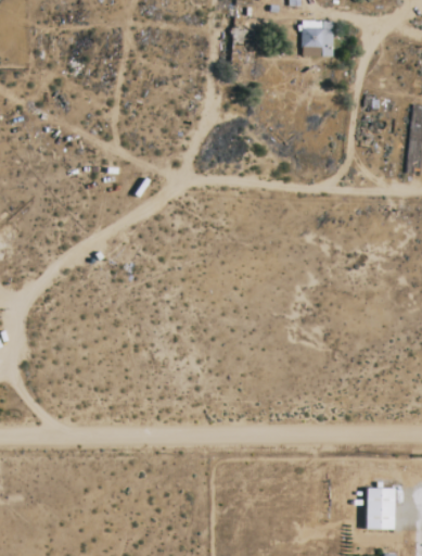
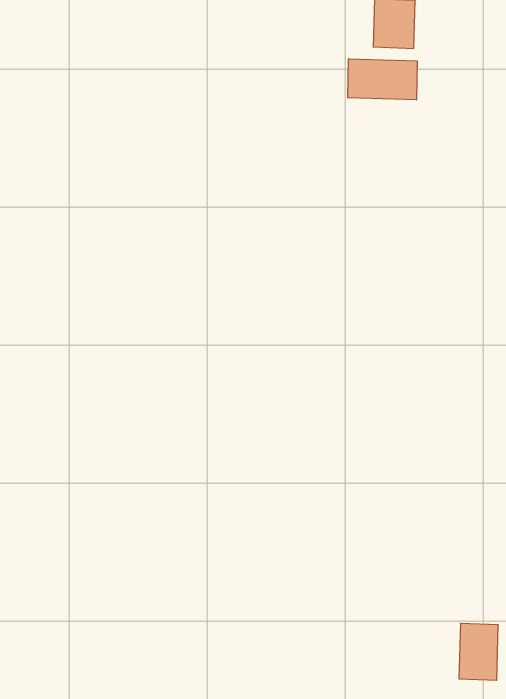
building: none -> [348,59,417,100]

